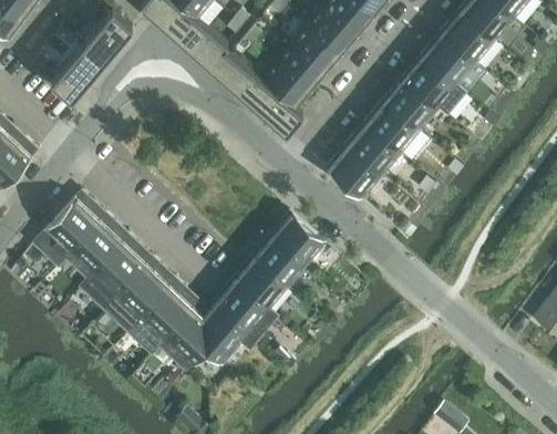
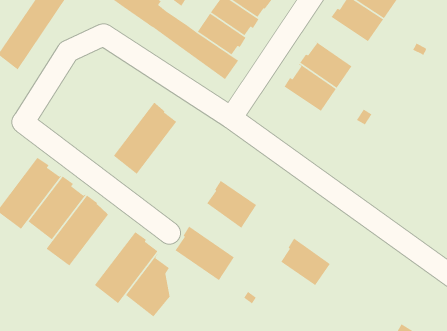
building: [383,78,439,131] -> none
building: [327,145,382,198] -> none
building: [270,211,326,265] -> none
building: [104,257,176,331] -> [113,102,178,175]
building: [233,257,287,317] -> [278,238,331,292]
building: [204,303,258,364] -> none

